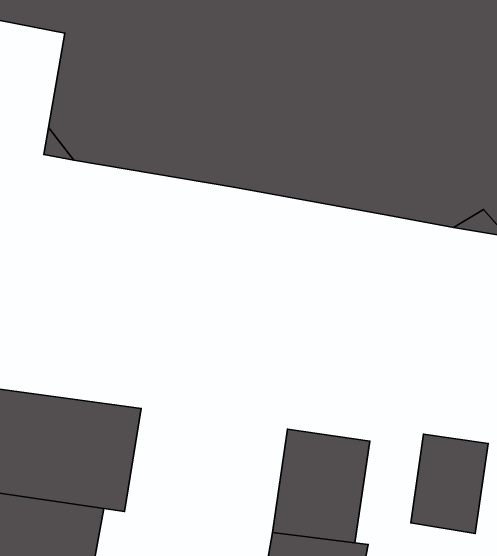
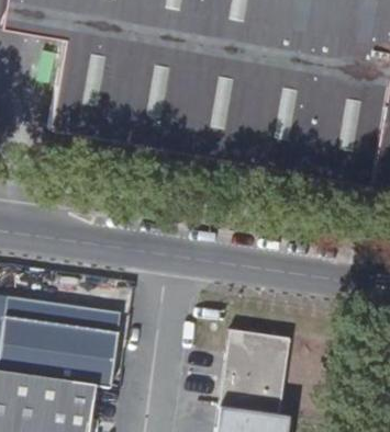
building: [411,434,488,533] -> none

